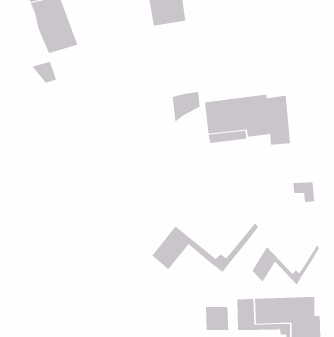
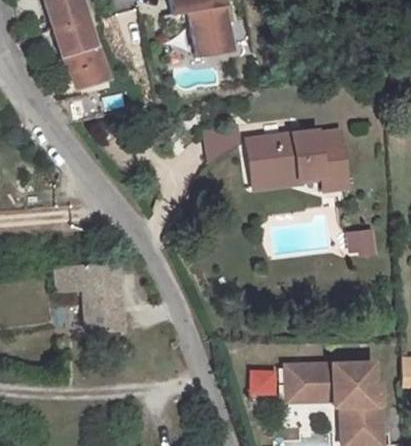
building: none -> [56,263,122,333]
building: [151,222,259,273] -> none
building: [252,245,320,285] -> none

